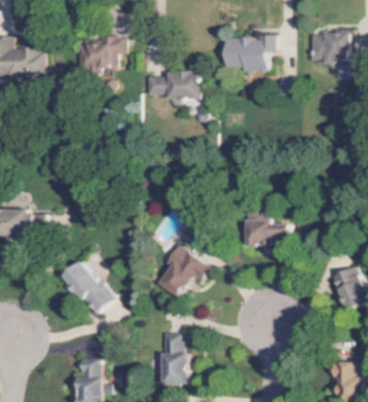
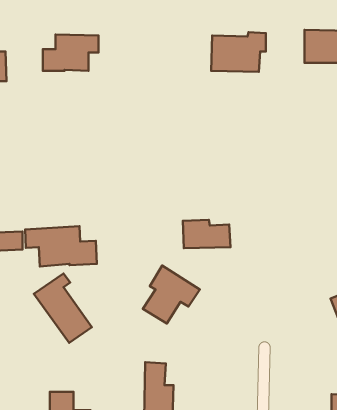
building: [143,72,203,98] -> none
building: none -> [25,226,97,266]
building: [247,219,290,245] -> [183,220,230,248]

